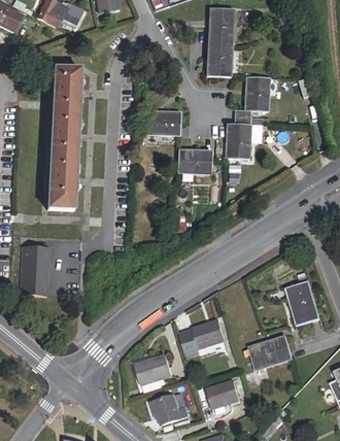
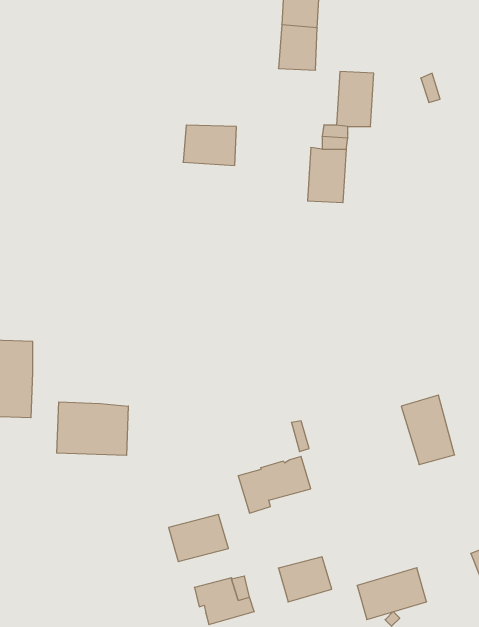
building: [48,66,82,210] -> none
building: [177,150,212,174] -> none
building: none -> [57,402,128,455]
building: [242,339,286,372] -> [357,568,427,620]

